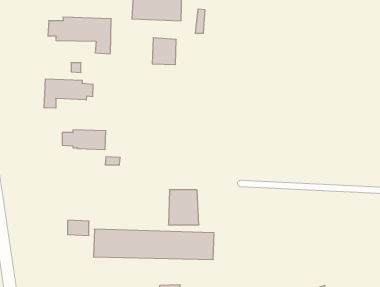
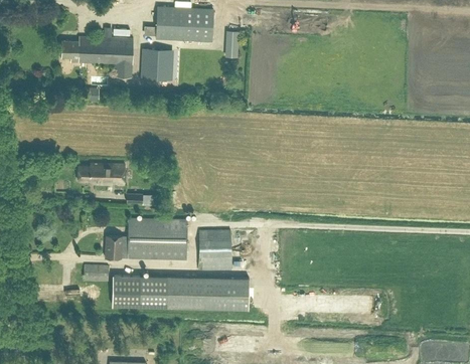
building: [152,38,176,65] -> [141,49,168,79]
building: [44,79,93,108] -> none
building: none -> [105,219,187,260]

